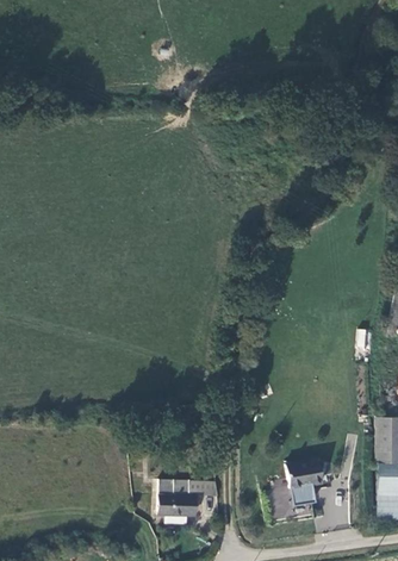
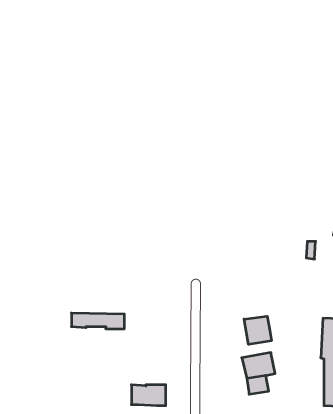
building: none -> [244,316,271,344]
building: [158,479,219,497] -> [71,313,124,329]

